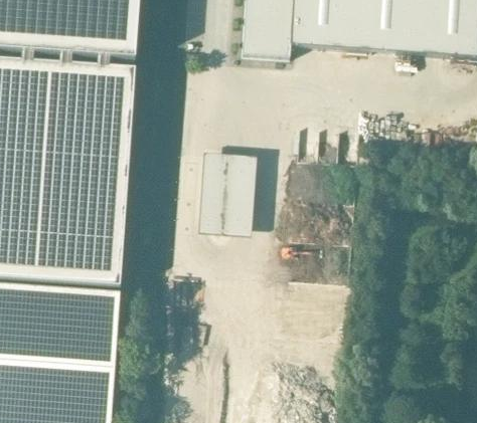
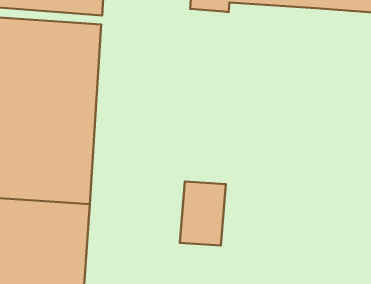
building: [202,160,259,238] -> [180,182,226,245]

